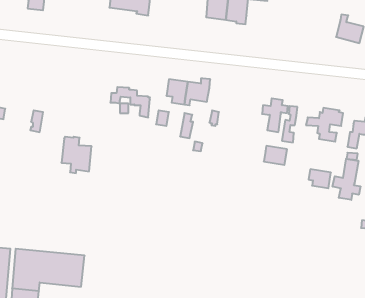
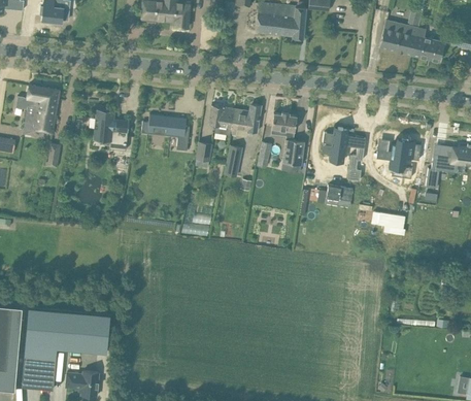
building: none -> [379,27,416,55]
building: none -> [15,85,60,135]
building: none -> [271,113,304,165]
building: [61,137,92,173] -> [93,109,129,153]
building: [333,159,360,200] -> none

